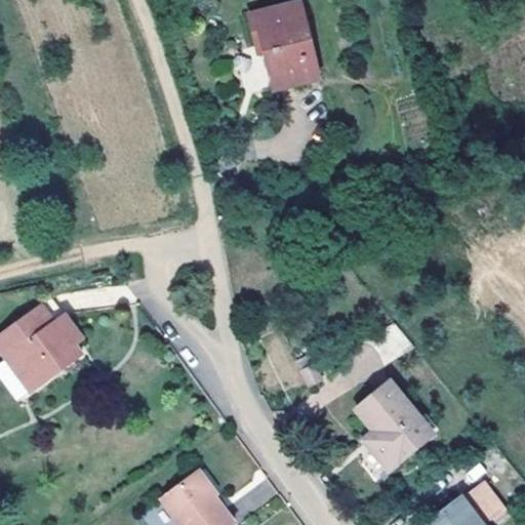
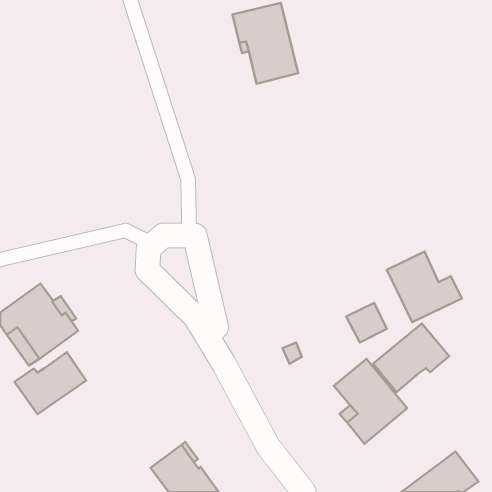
building: none -> [387,251,462,322]
building: none -> [373,323,449,392]
building: none -> [15,352,86,414]

